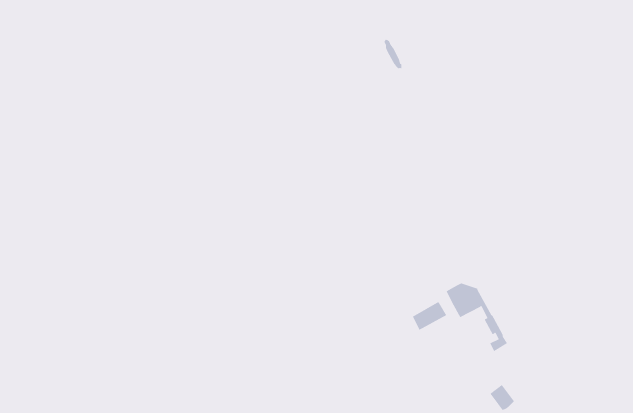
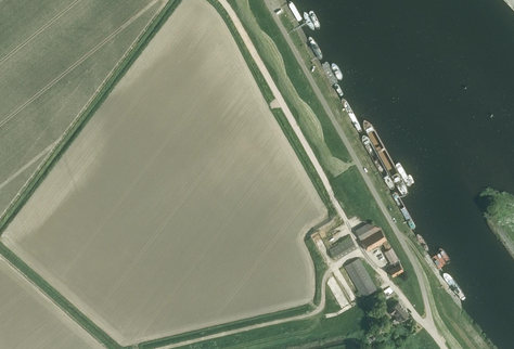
building: none -> [345,258,376,297]

